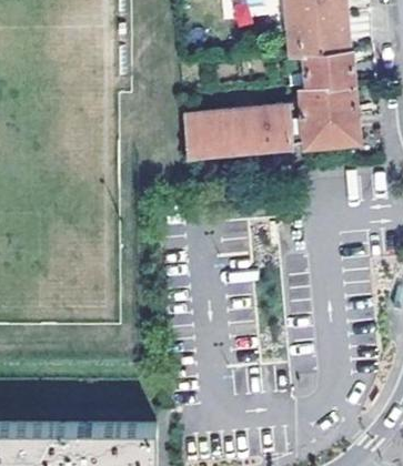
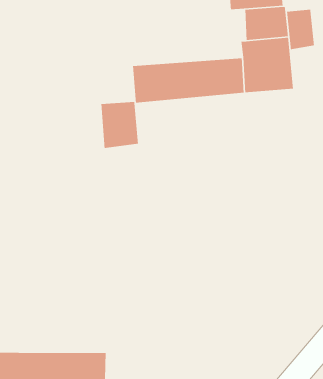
building: none -> [286,9,315,50]
building: none -> [101,101,139,149]

